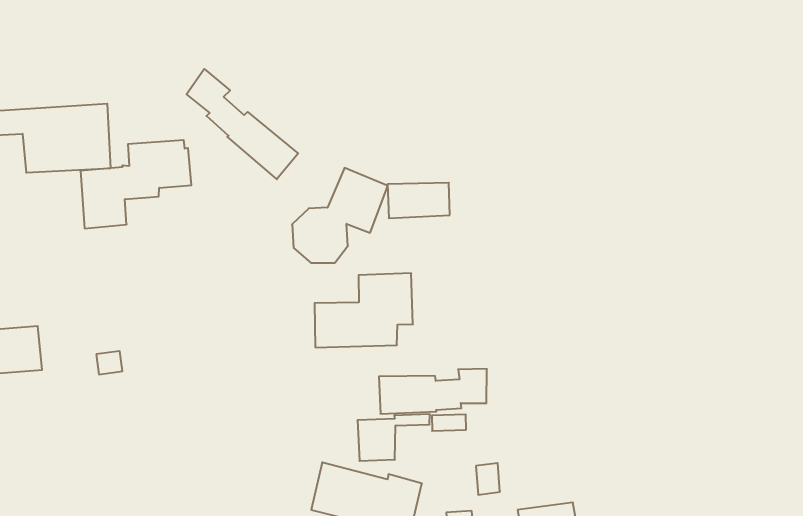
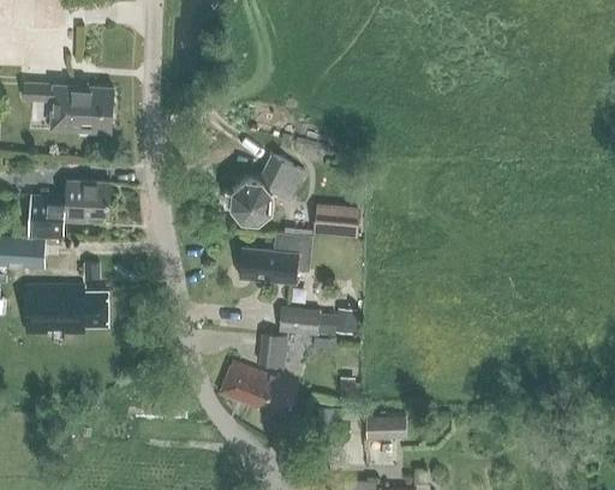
building: [187,69,298,179] -> none
building: [80,140,191,228] -> [29,183,109,239]
building: [388,183,450,218] -> [314,209,359,237]
building: none -> [25,286,107,334]

